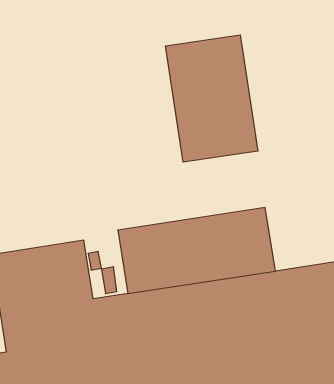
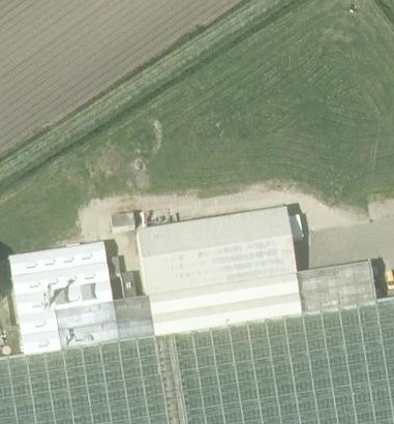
building: [166,35,258,162] -> none

